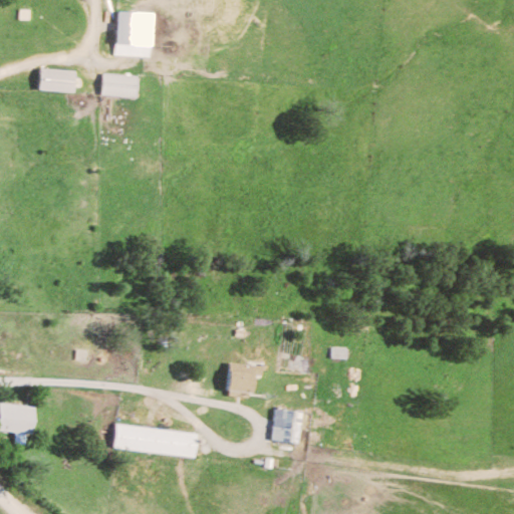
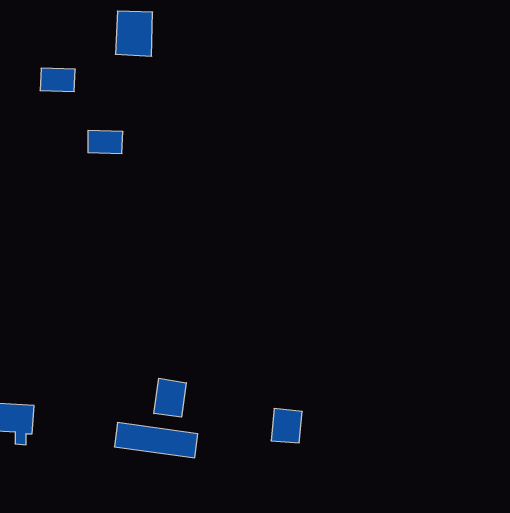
building: [103,73,139,96] -> [88,130,123,154]
building: [227,363,261,393] -> none
building: none -> [154,378,186,417]

